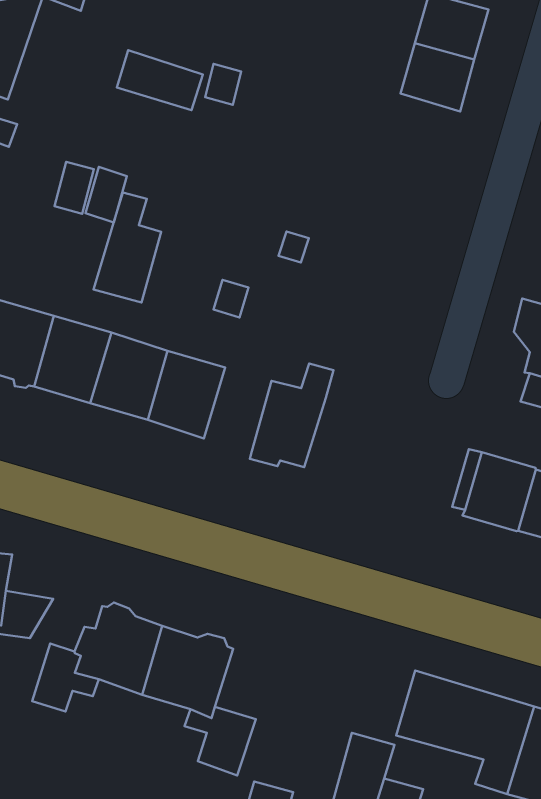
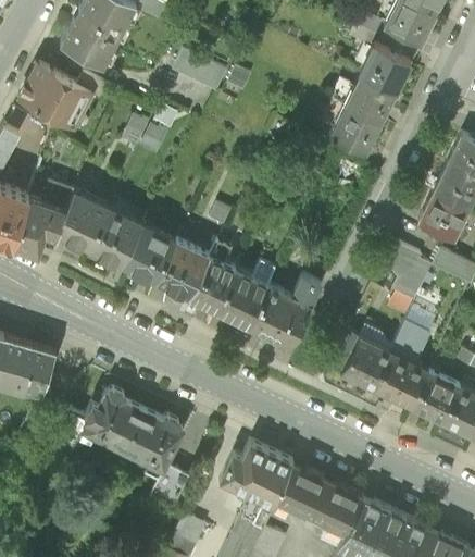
building: none -> [330,107,380,153]
building: [94,193,161,302] -> [188,242,236,311]
building: none -> [247,277,320,347]
building: none -> [220,443,293,507]

